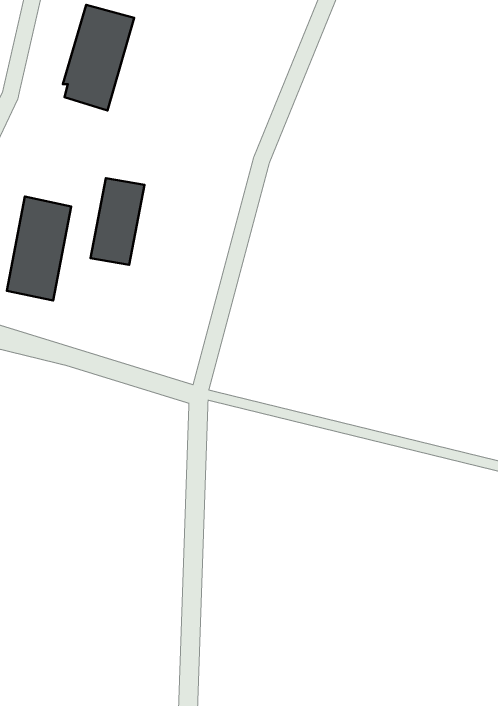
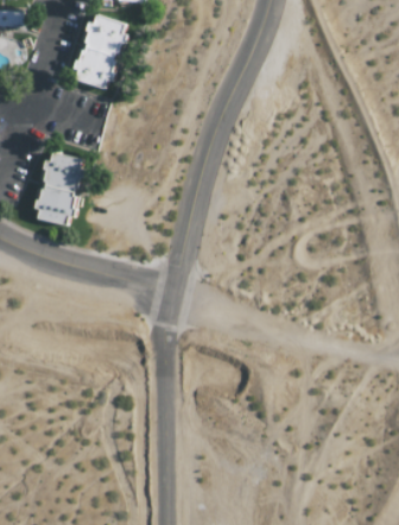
building: [90,178,145,265] -> none

